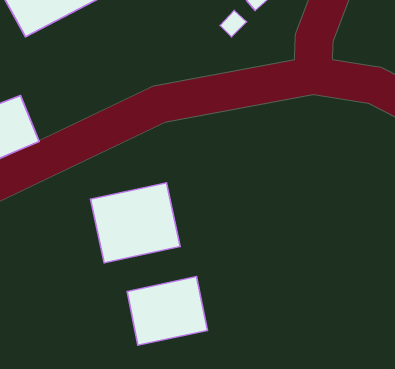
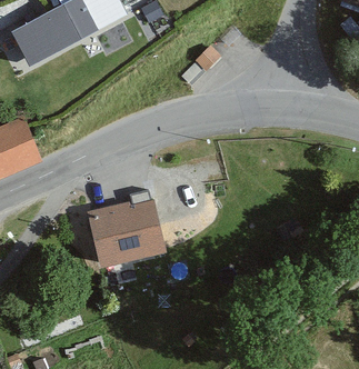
building: [127,277,207,345] -> none

